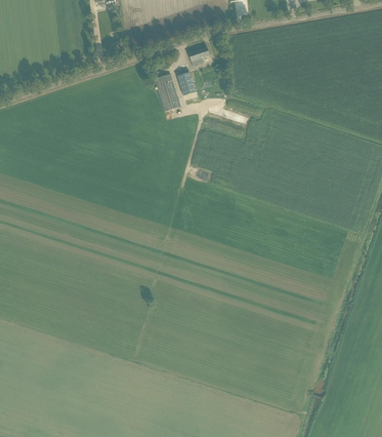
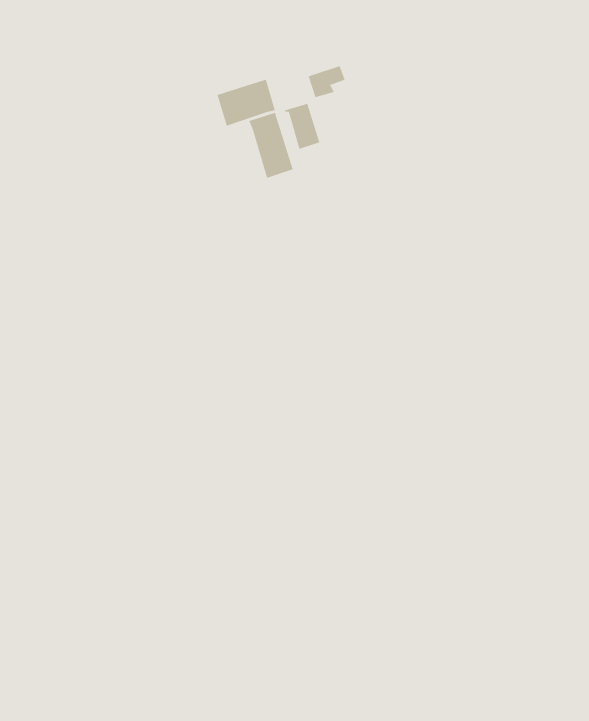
building: none -> [217,79,276,126]

